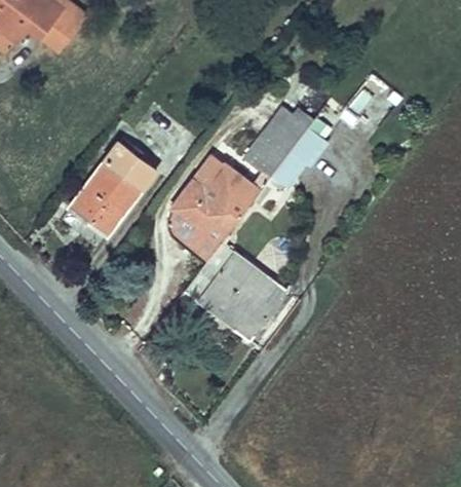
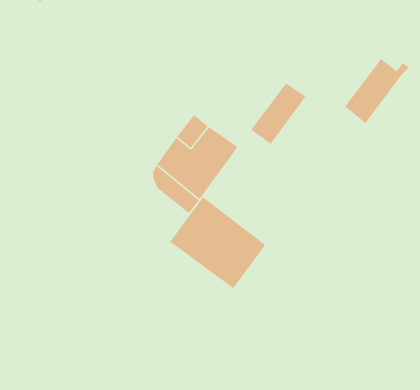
building: [246,107,314,176] -> [344,58,409,124]
building: [71,145,153,234] -> none

